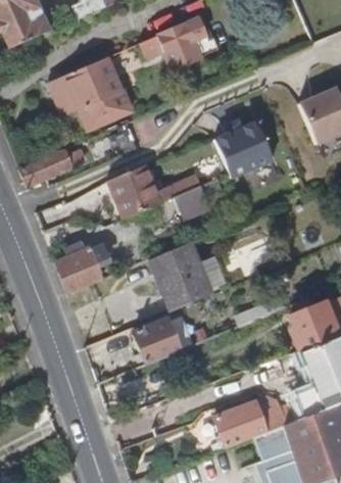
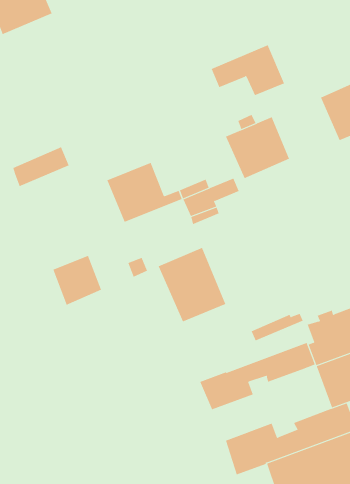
building: [134,22,201,69] -> [211,44,285,96]
building: [62,57,132,131] -> none
building: [131,318,180,365] -> none
building: none -> [199,342,315,410]

